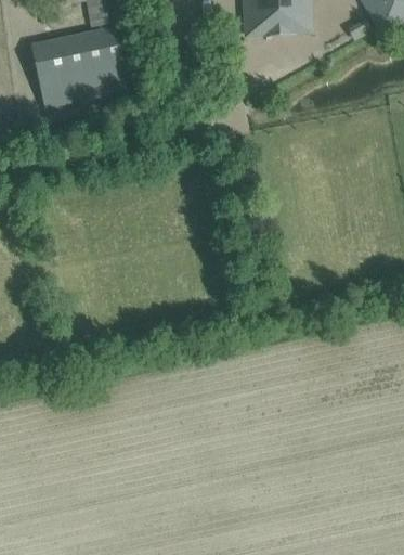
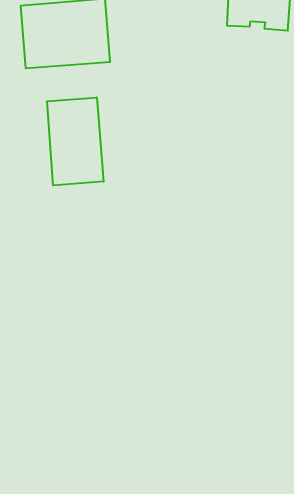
building: none -> [47,97,104,185]

